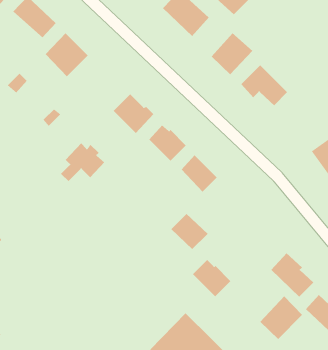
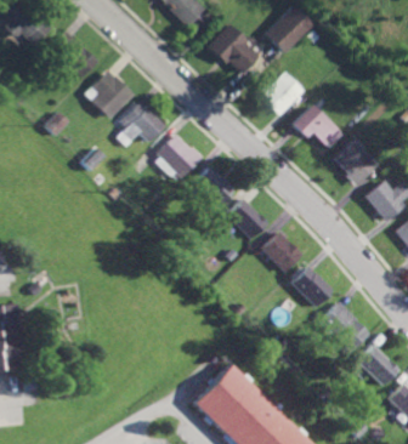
building: none -> [333,141,378,186]
building: [60,143,105,182] -> [117,104,164,146]
building: [170,213,208,250] -> [262,232,302,271]
building: [192,259,231,297] -> [293,267,334,307]
building: [259,296,303,340] -> none

